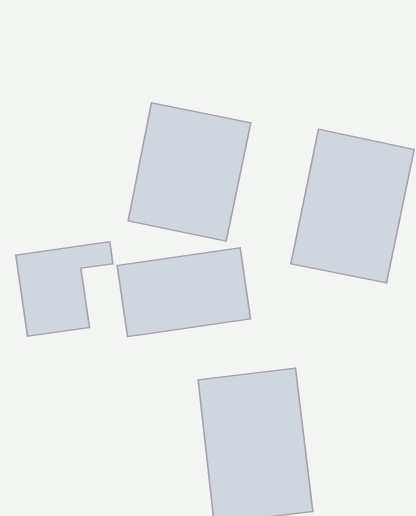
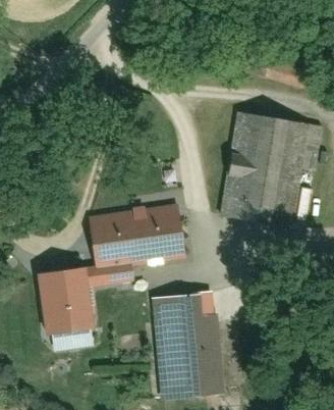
building: [128,103,251,241] -> none
building: [16,242,113,336] -> [45,263,113,329]

